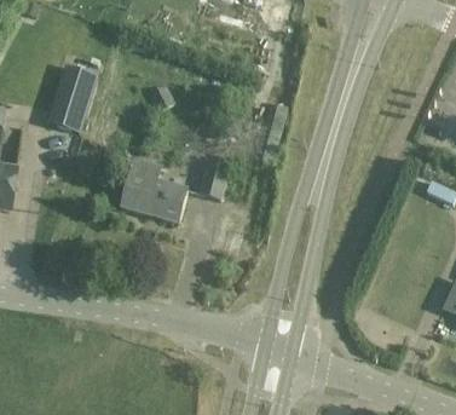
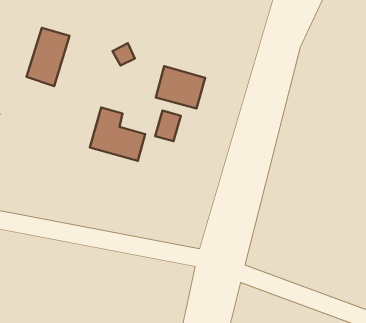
building: none -> [156,66,205,108]

